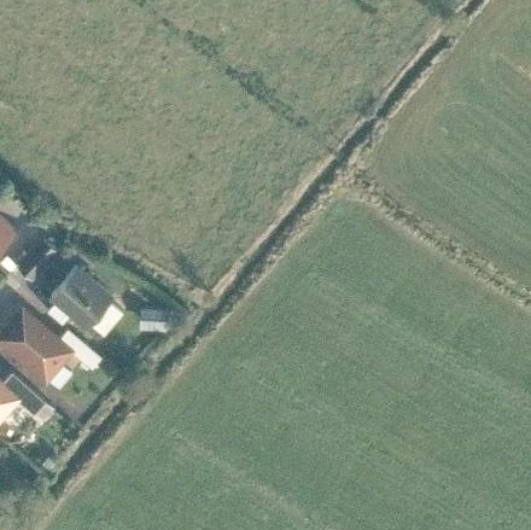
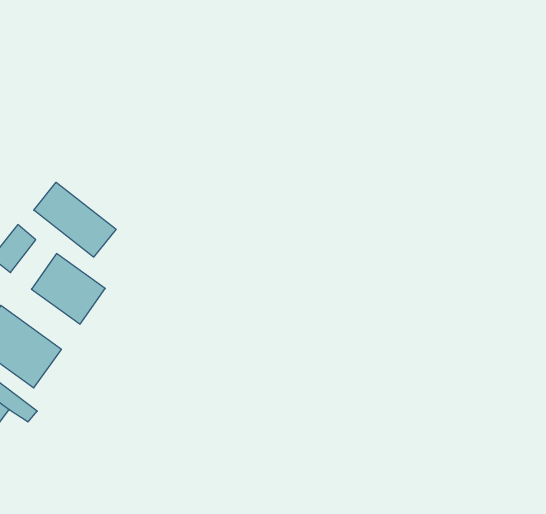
building: none -> [34,182,116,257]

